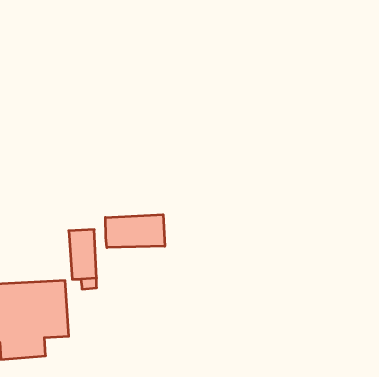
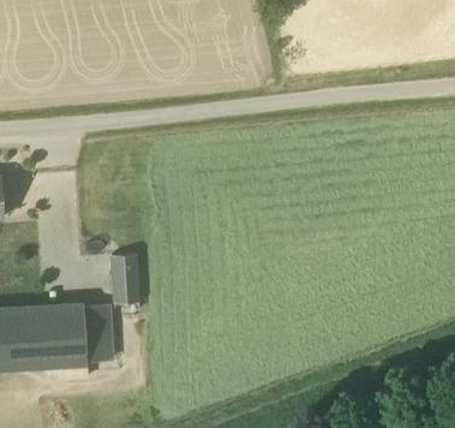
building: [105,215,165,248] -> none

